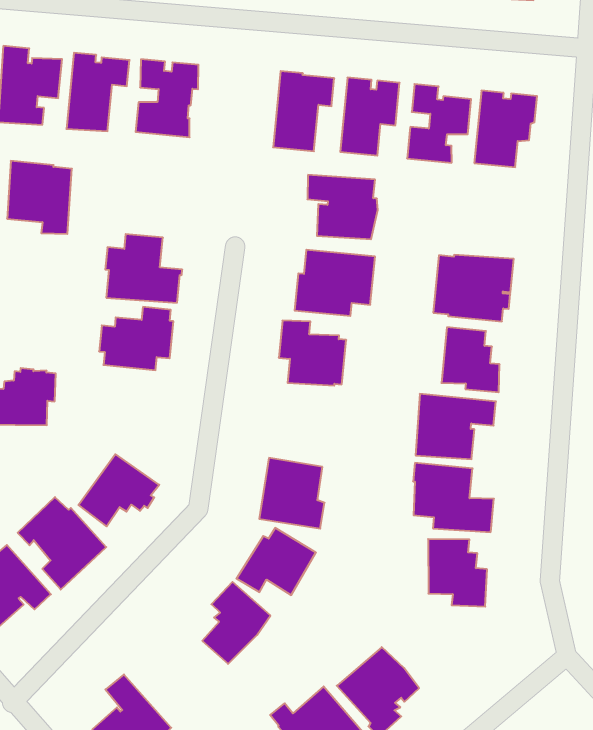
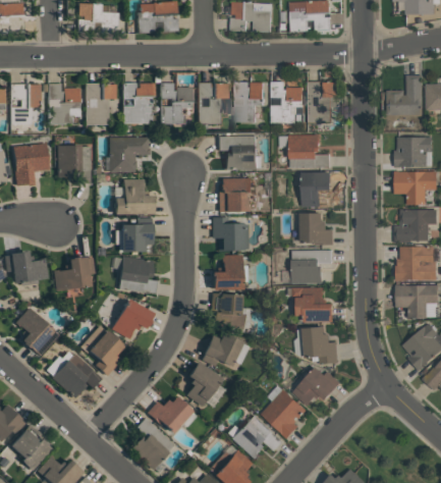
building: none -> [161,83,191,123]
building: none -> [109,137,150,171]
building: none -> [289,135,330,166]
building: none -> [119,256,158,293]
building: none -> [214,255,243,289]
building: none -> [294,366,341,406]
building: none -> [147,396,194,432]

